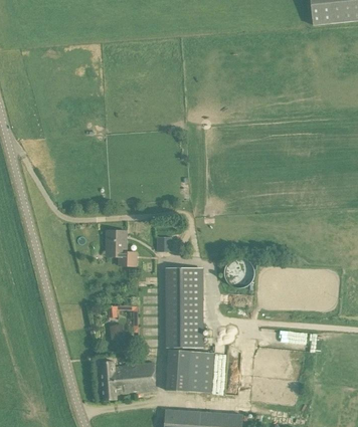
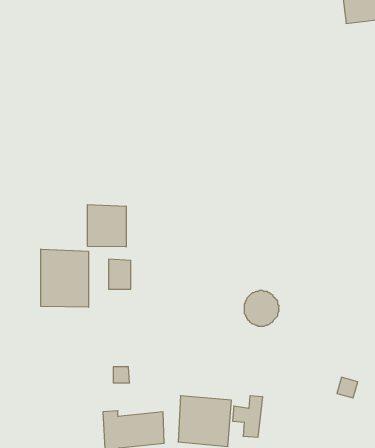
building: none -> [88,205,126,247]
building: none -> [41,249,89,307]
building: [165,267,203,348] -> none

